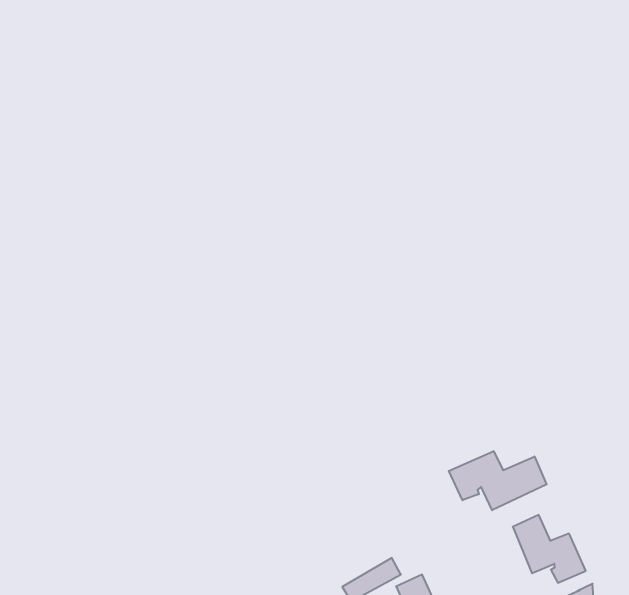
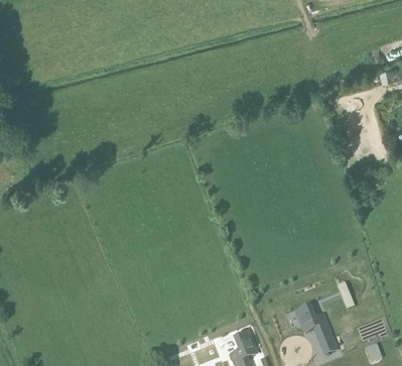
building: [449,451,547,510] -> none

